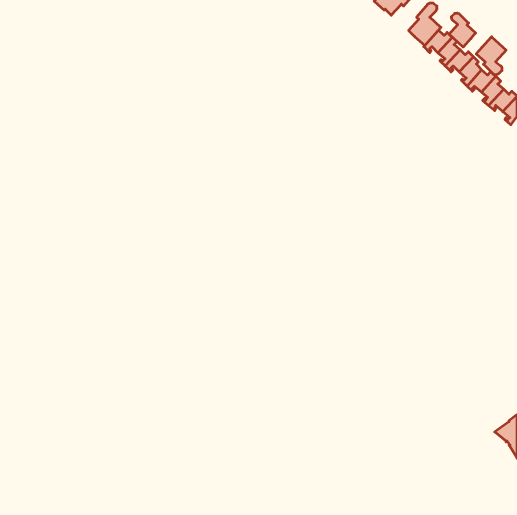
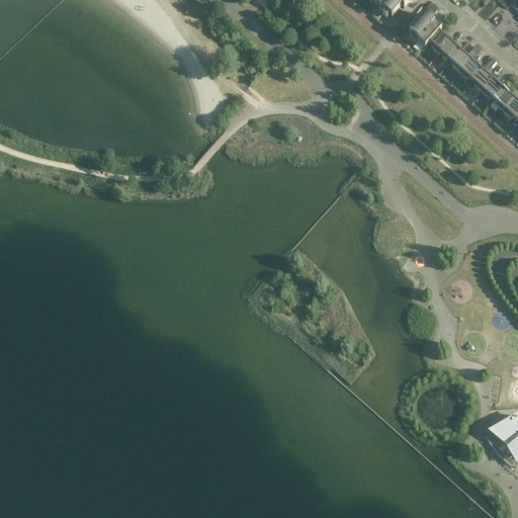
building: [449,13,476,47] -> none
building: [476,37,506,75] -> none

